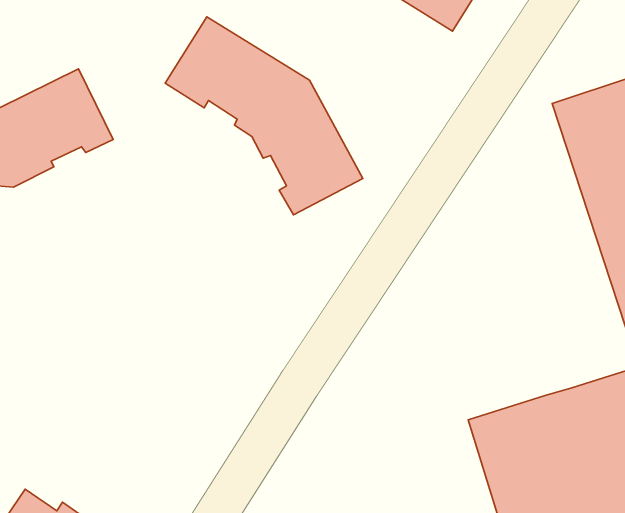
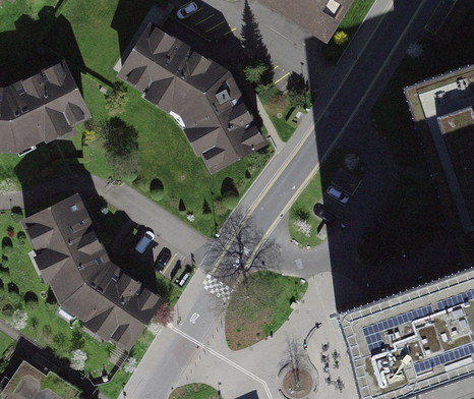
building: none -> [27,200,160,345]

